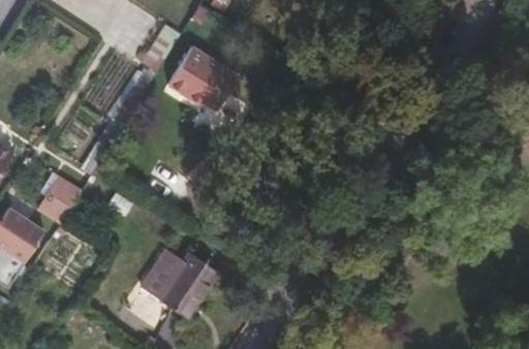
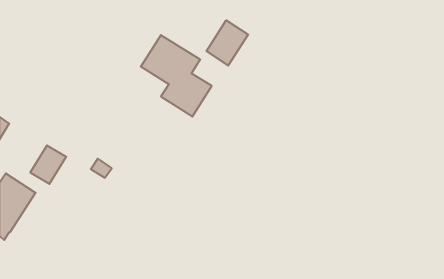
building: none -> [207,20,248,66]
building: [141,251,217,319] -> none

